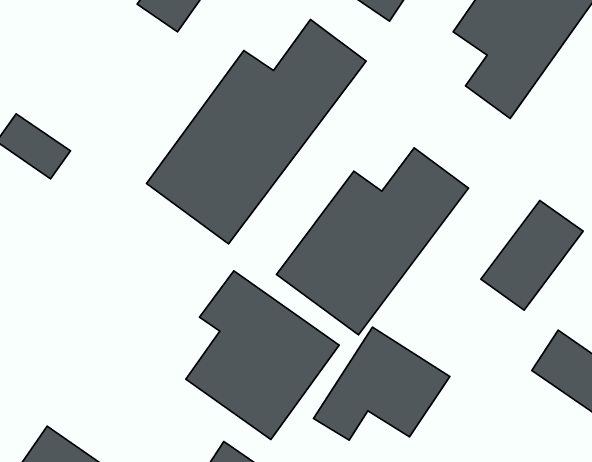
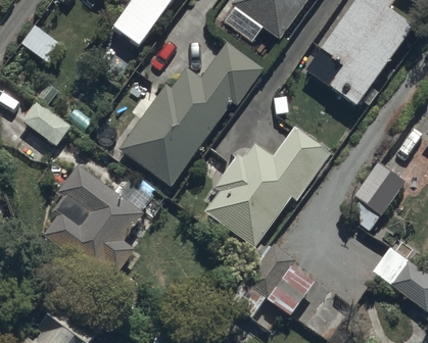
building: [186,271,339,439] -> [45,163,146,275]

